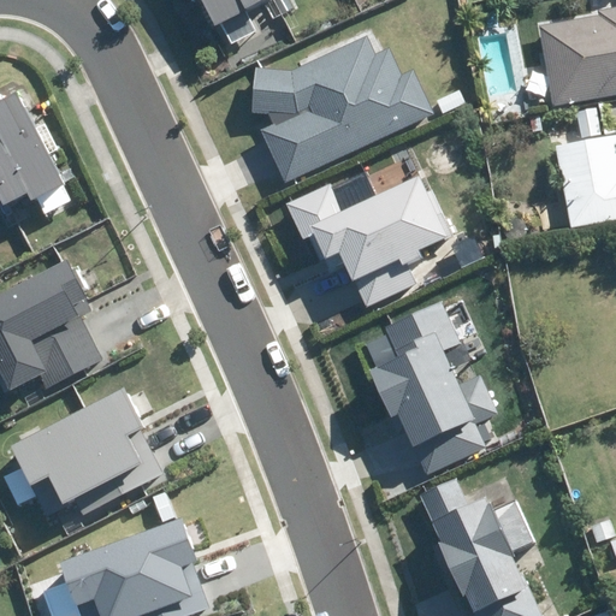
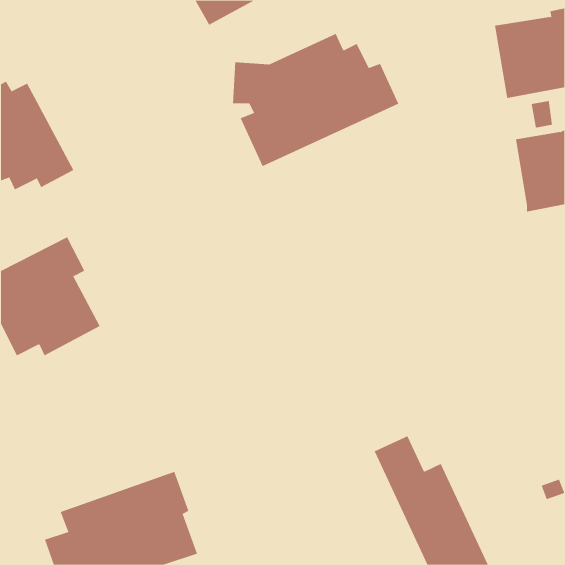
building: [267,162,445,315] -> none
building: [357,302,479,460] -> none
building: [17,381,170,511] -> none

